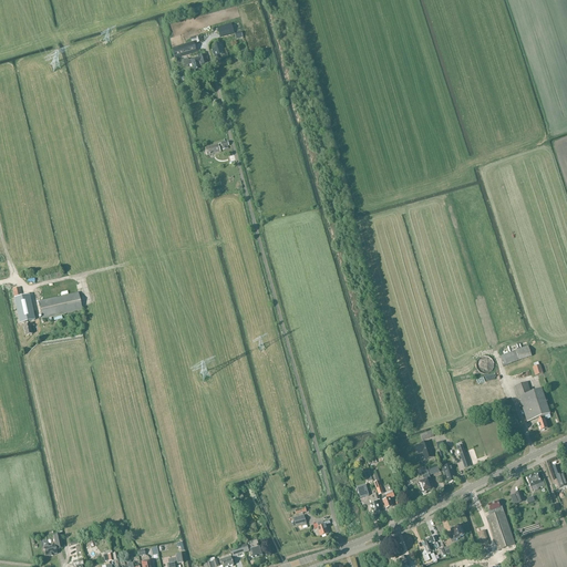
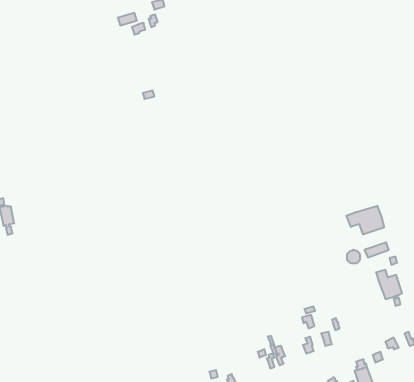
building: [39,291,82,318] -> none
building: none -> [346,206,384,235]

